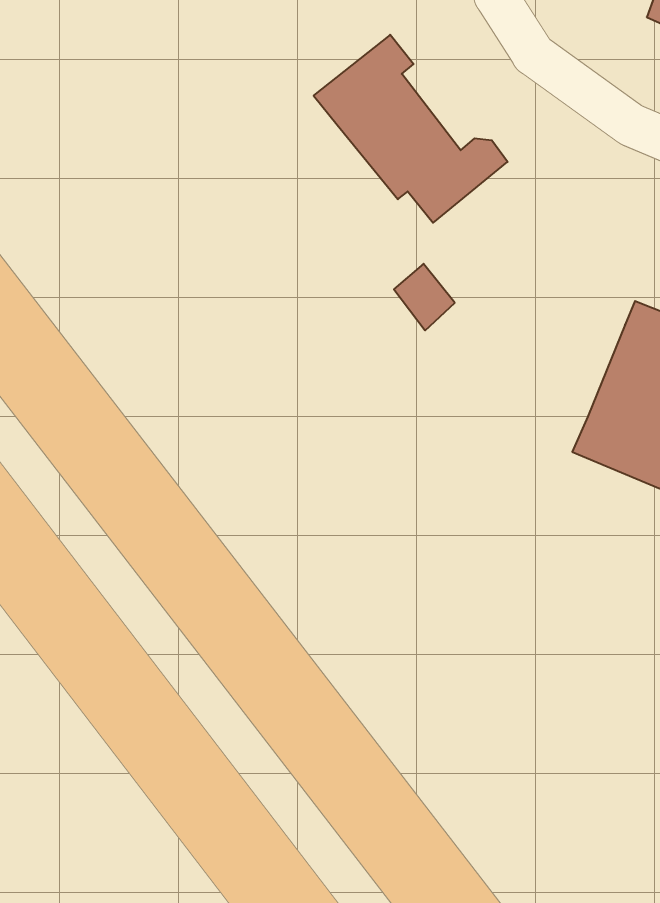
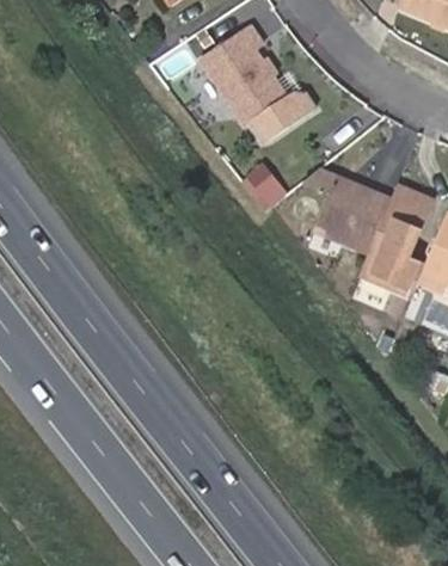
building: none -> [305,171,391,254]

